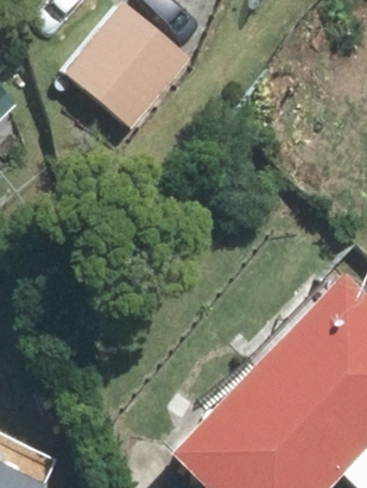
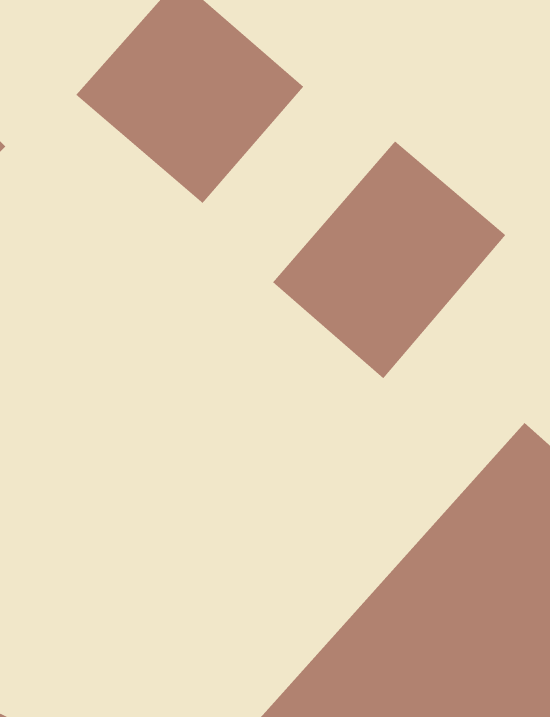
building: none -> [272,141,506,379]

